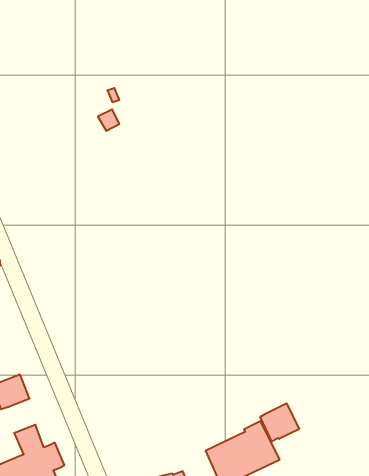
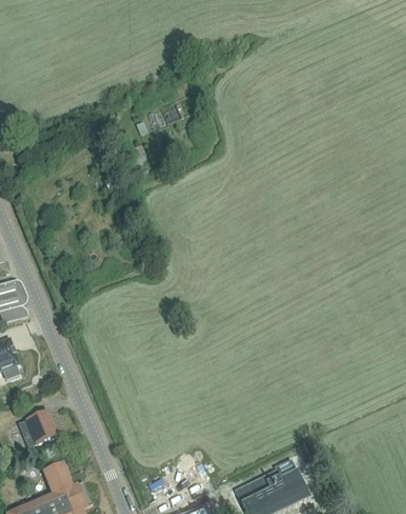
building: [260,403,299,442] -> none

